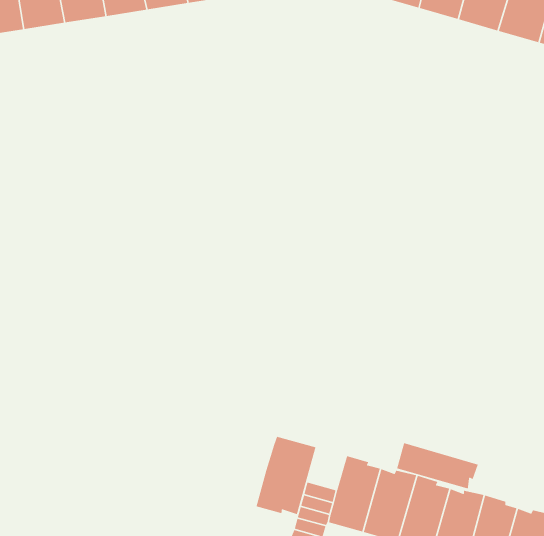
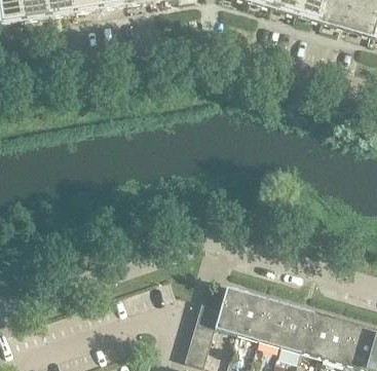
building: [255,436,317,515] -> none
building: [396,442,479,489] -> none

